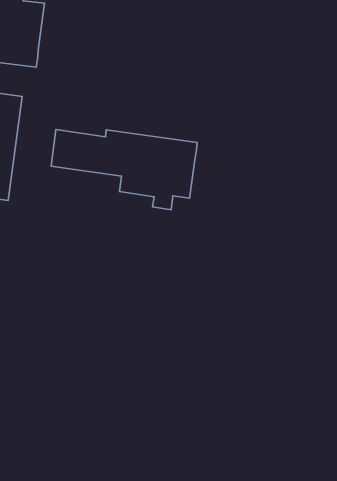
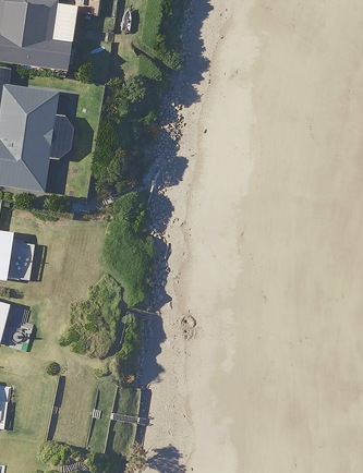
building: [51,129,197,210] -> none

